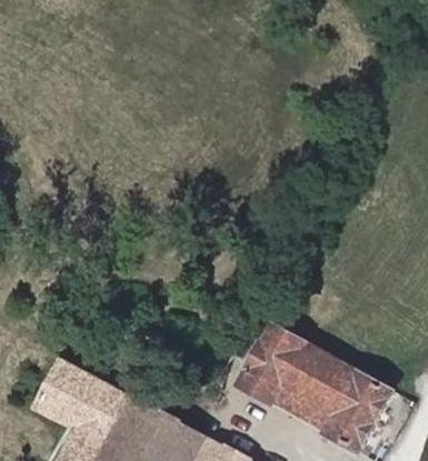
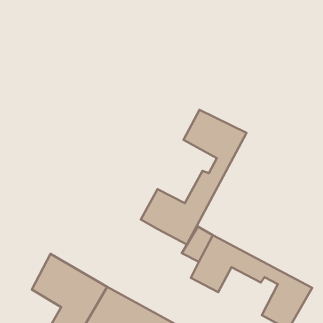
building: none -> [141,110,246,245]
building: [276,375,350,435] -> none

